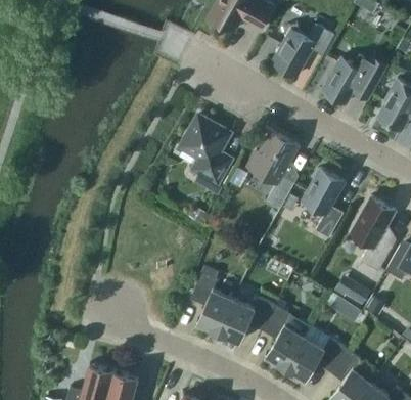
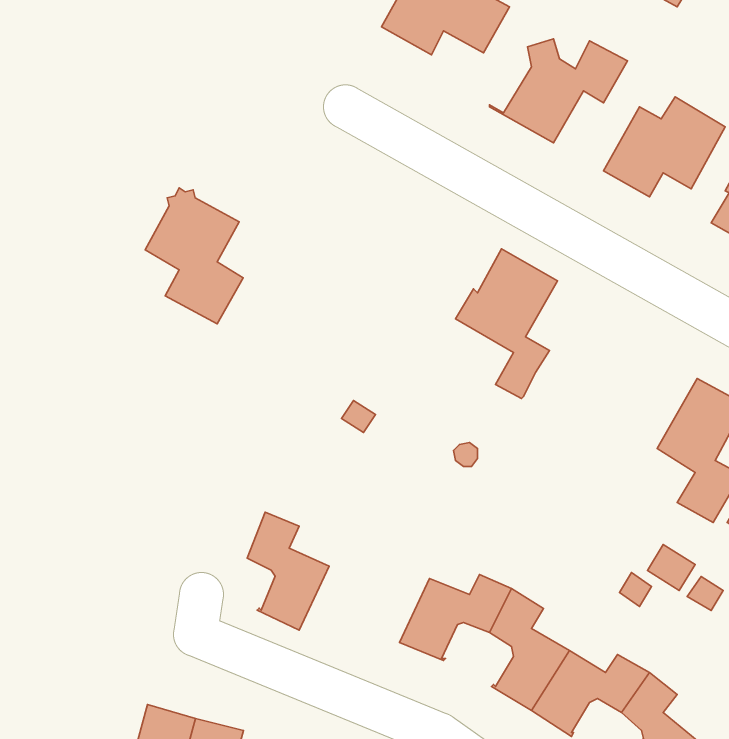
building: [181,116,231,185] -> [145,188,243,324]
building: [302,169,345,238] -> none
building: [191,272,233,332] -> [247,512,329,630]

